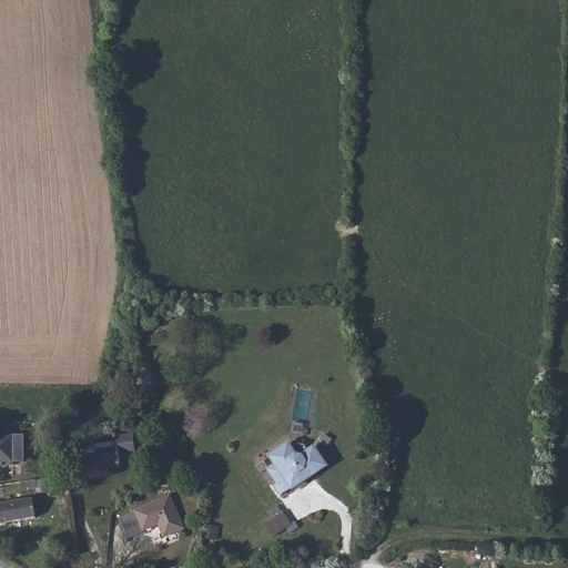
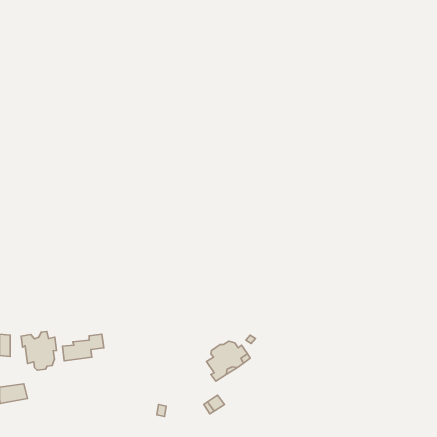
building: none -> [21,331,57,370]
building: [119,494,183,538] -> none

